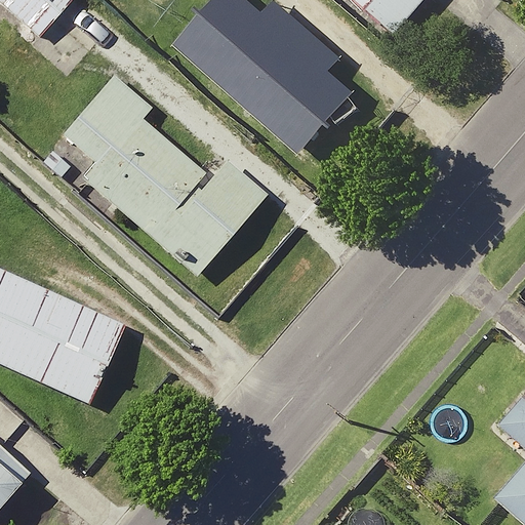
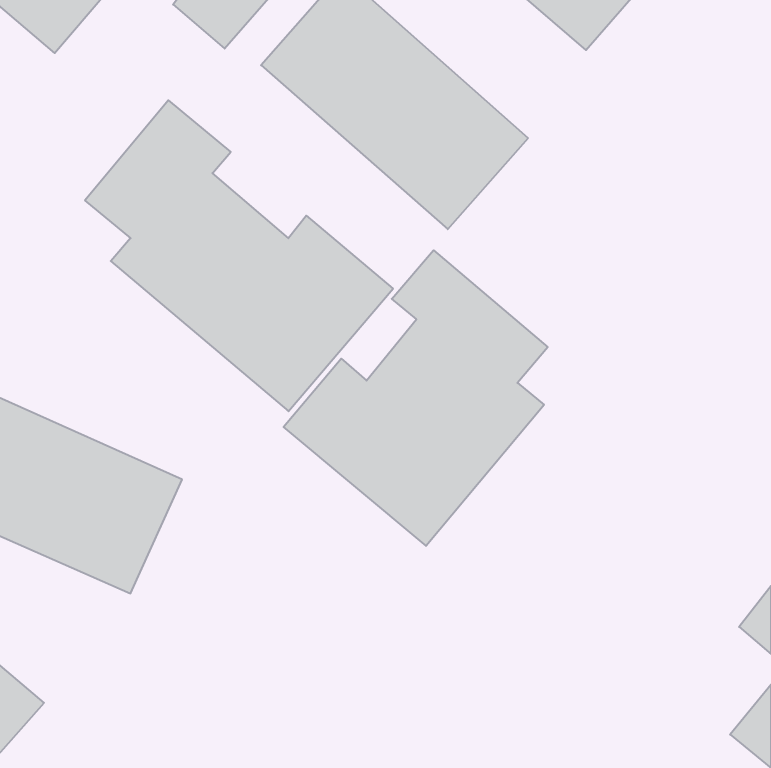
building: none -> [284,250,548,546]

